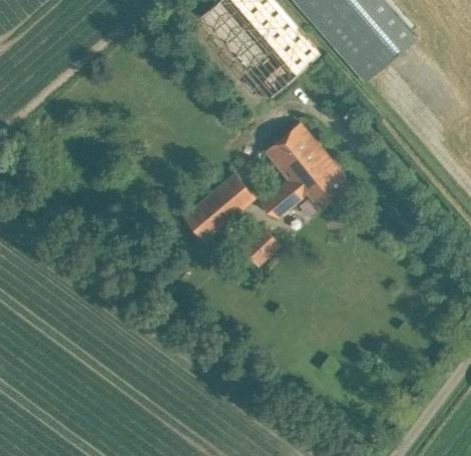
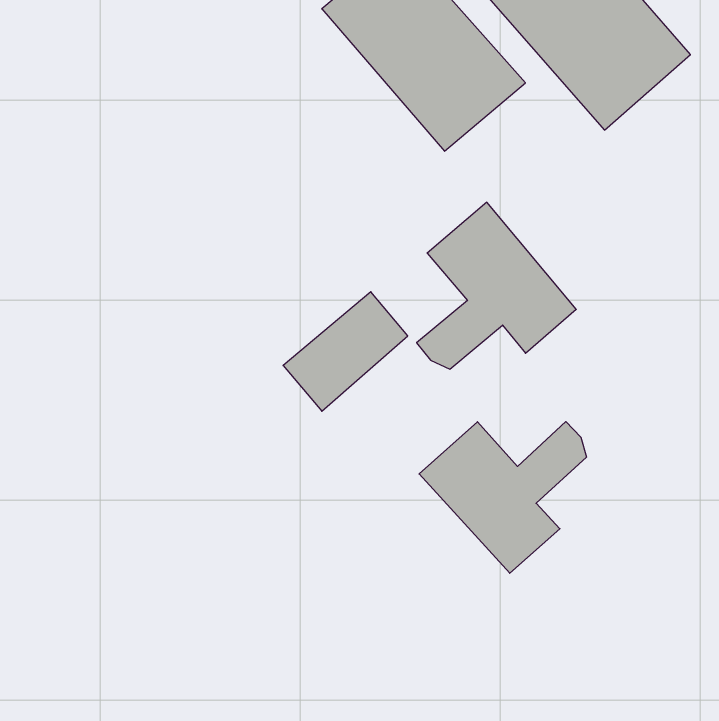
building: [239,227,279,268] -> none
building: none -> [419,422,587,573]

